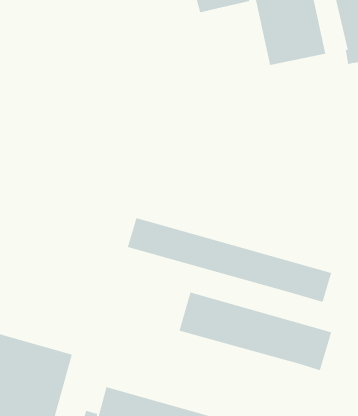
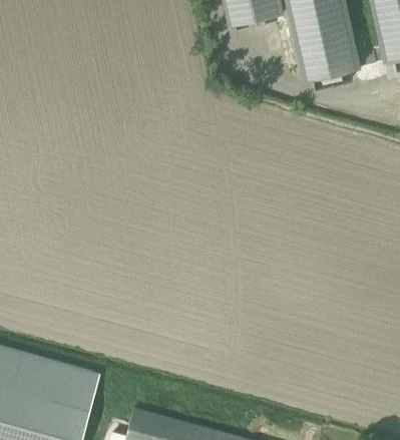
building: [127,217,332,303] -> none
building: [178,292,332,371] -> none

